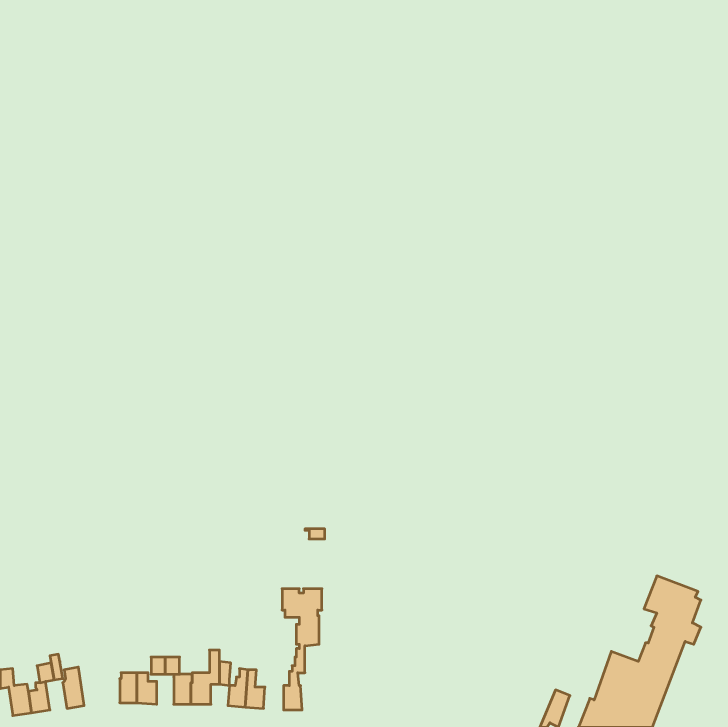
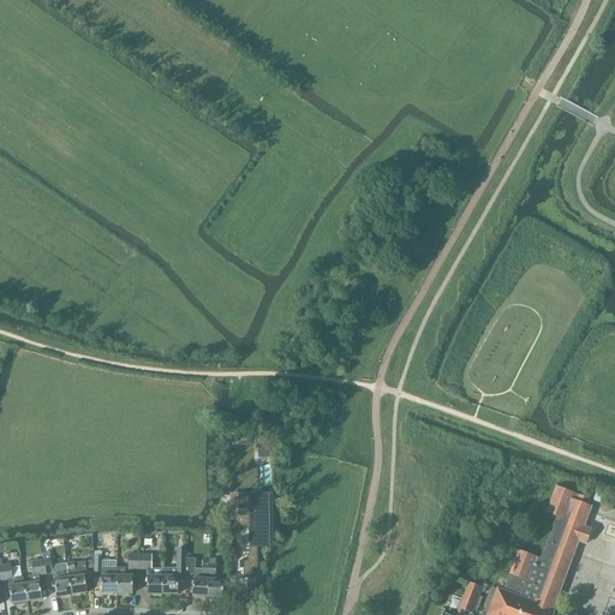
building: none -> [66,561,86,595]

